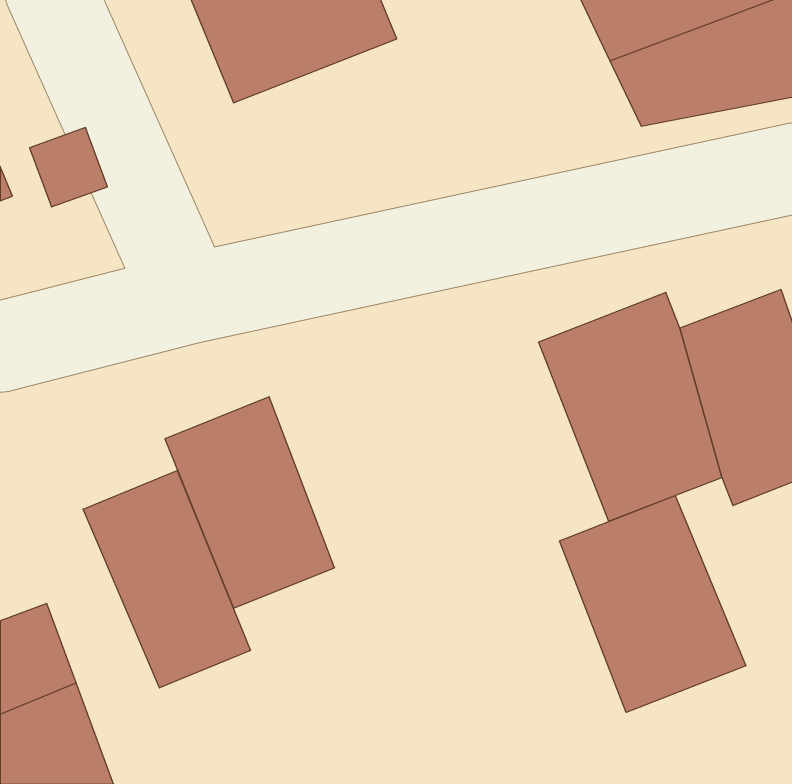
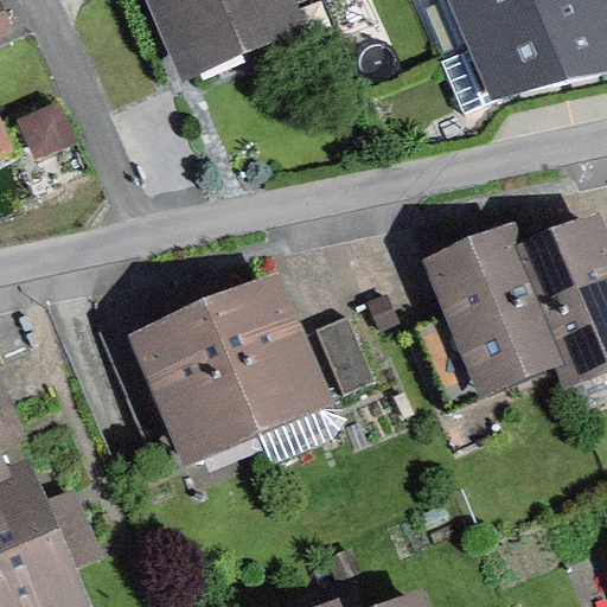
building: none -> [207,274,328,433]
building: [83,471,251,688] -> none
building: [559,495,746,712] -> none

